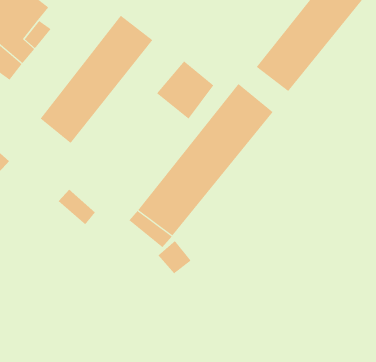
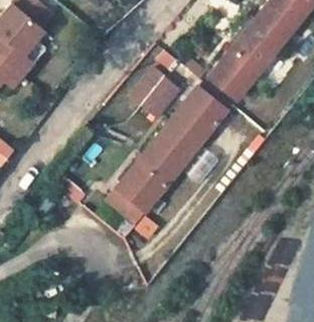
building: [40,15,153,144] -> none

